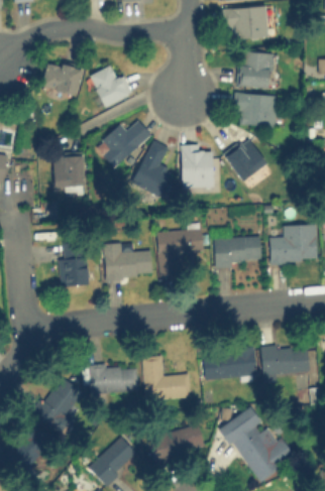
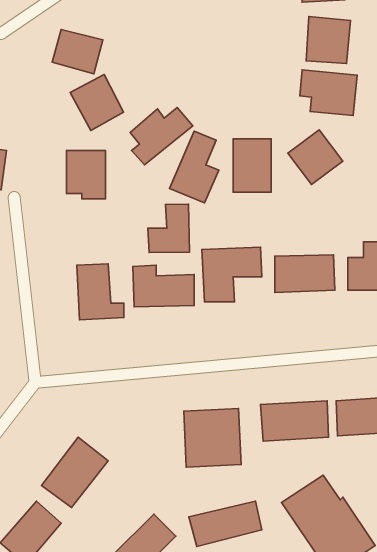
building: [89,64,130,107] -> [70,74,124,130]
building: none -> [148,204,190,253]
building: [86,365,136,393] -> none

